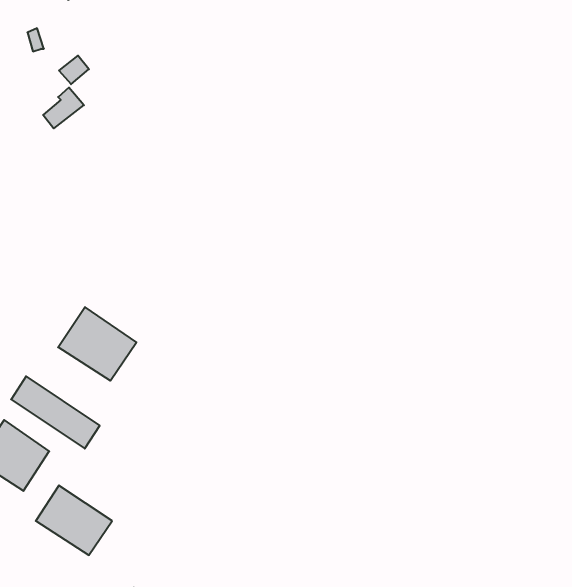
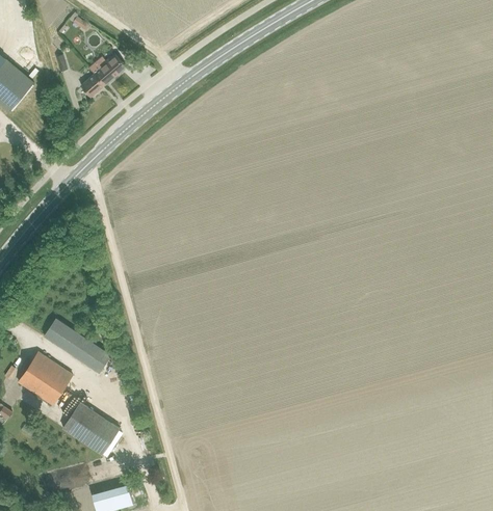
building: [43,88,84,128] -> [94,53,125,84]
building: [58,307,136,381] -> none

